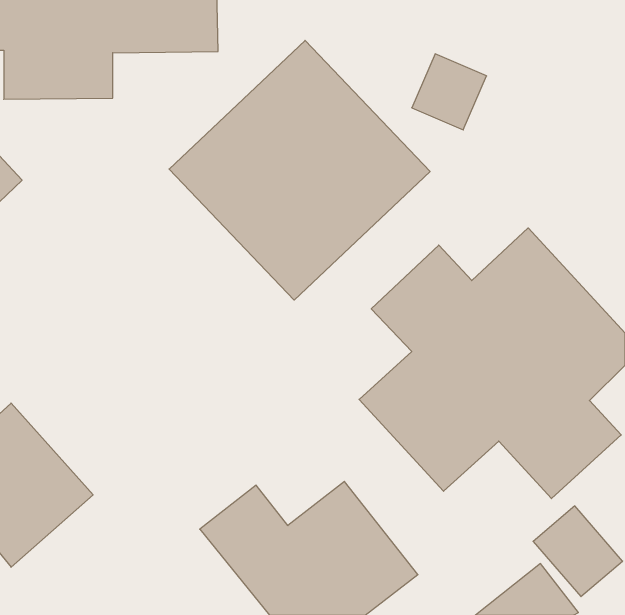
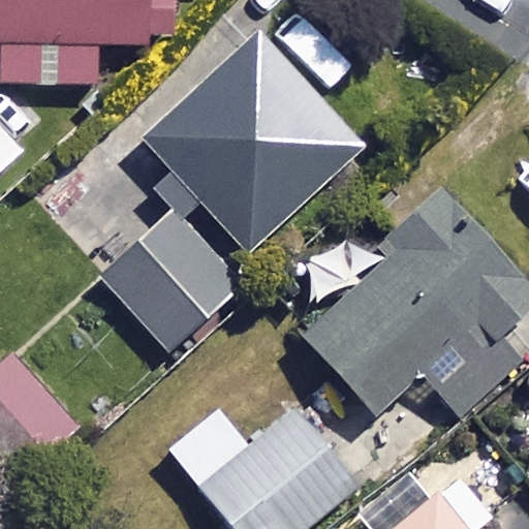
building: none -> [102,215,236,349]

